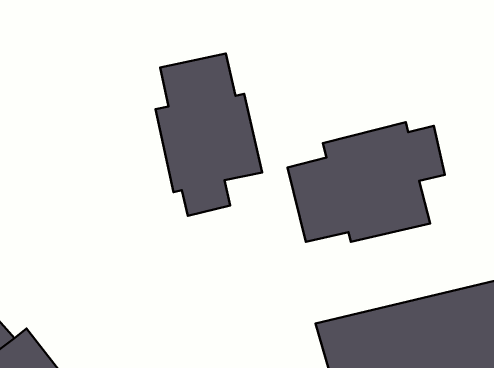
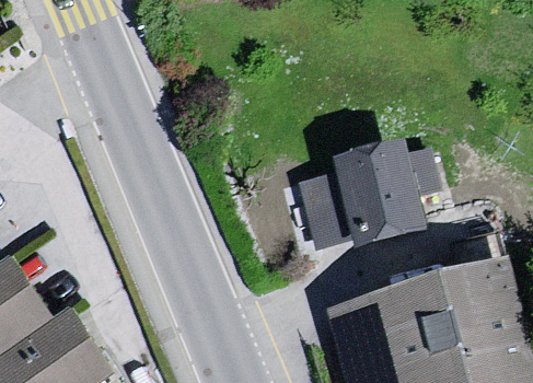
building: [156,53,262,216] -> none

